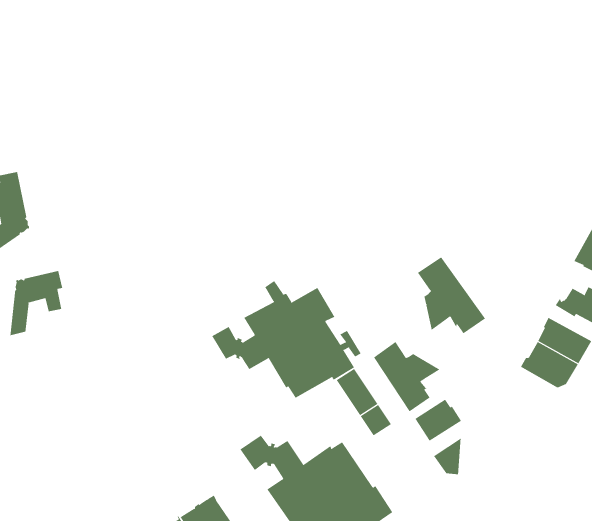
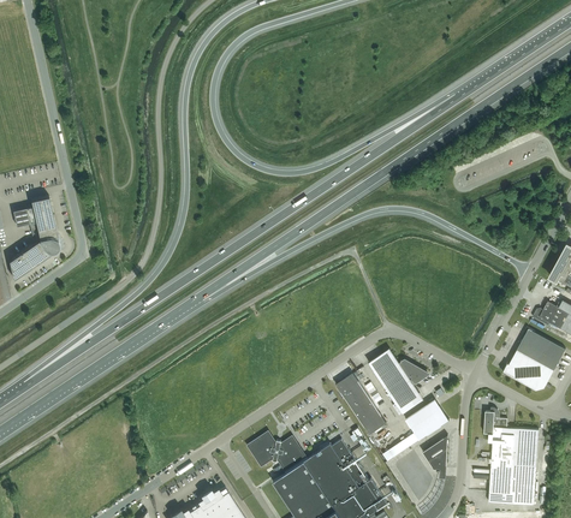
building: [417,257,486,334] -> none
building: [10,270,63,336] -> none
building: [211,280,362,398] -> none
building: none -> [484,409,539,506]

